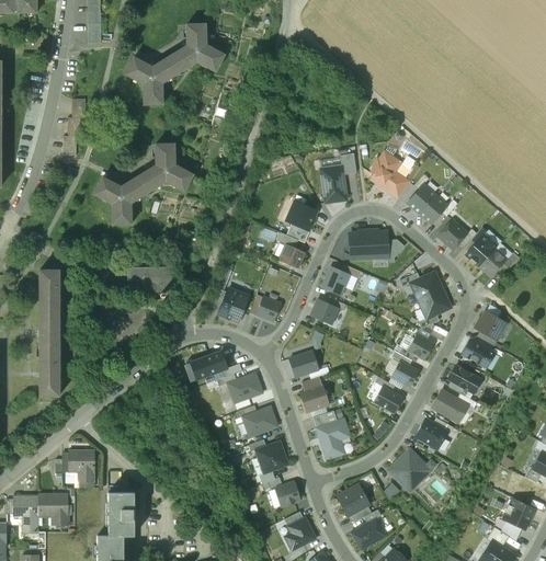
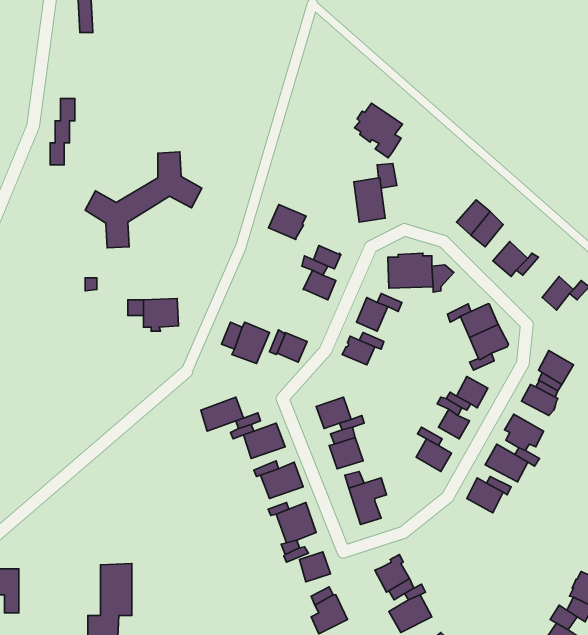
building: [124,24,224,104] -> none
building: [369,151,410,197] -> [354,103,403,158]
building: [285,201,317,230] -> [268,204,306,239]
building: [466,234,497,266] -> none
building: [38,270,58,394] -> none
building: [386,447,435,492] -> none
building: [69,450,93,481] -> none
building: [37,493,67,525] -> none

